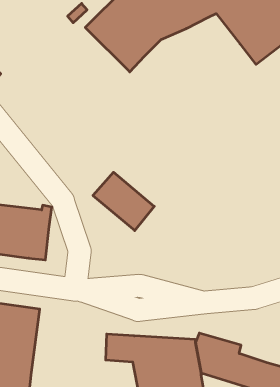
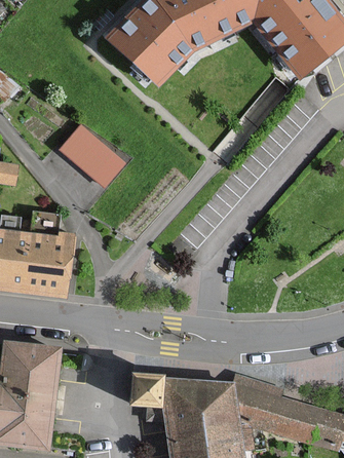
building: [93,172,154,231] -> [56,124,124,189]

